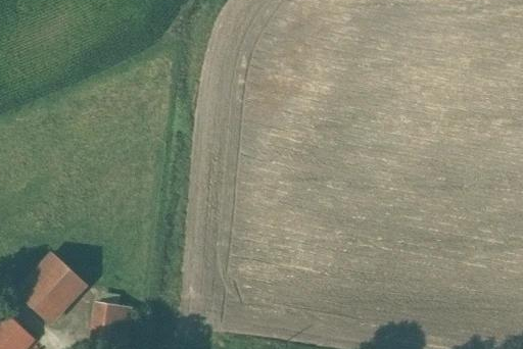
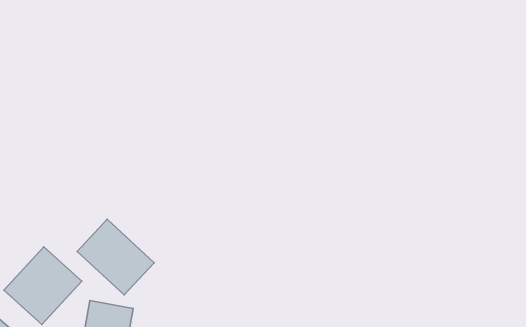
building: none -> [77,219,154,295]

